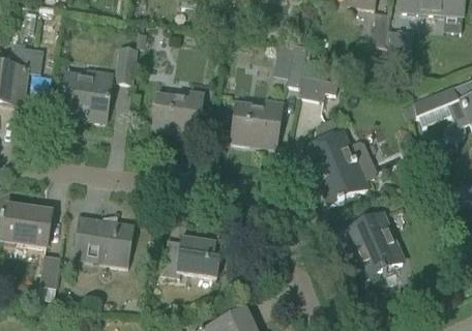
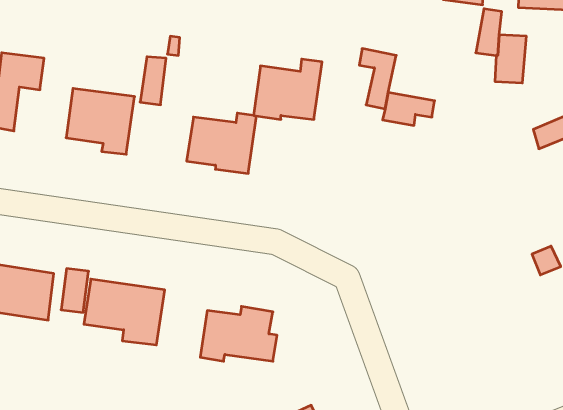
building: [231,98,283,144] -> [254,59,322,119]
building: [302,118,376,204] -> none
building: [340,213,403,276] -> none
building: [39,253,60,287] -> [61,269,89,312]

